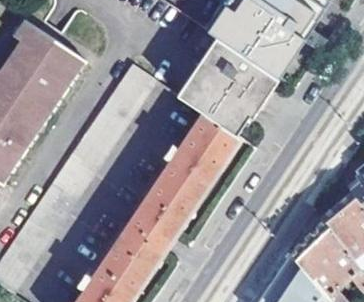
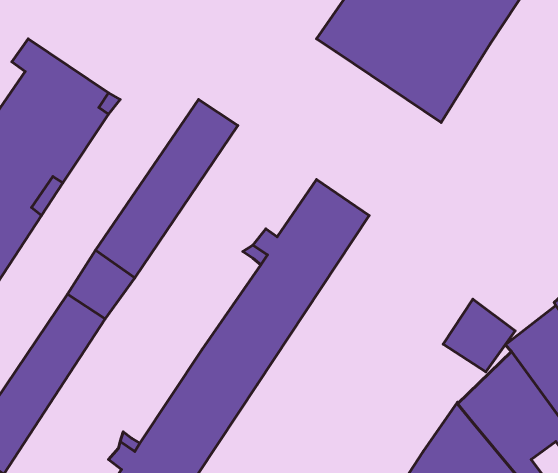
building: [177,35,281,135] -> none
building: none -> [443,299,515,372]

